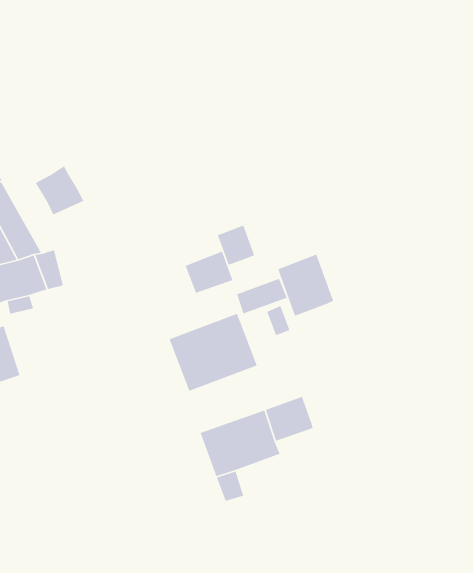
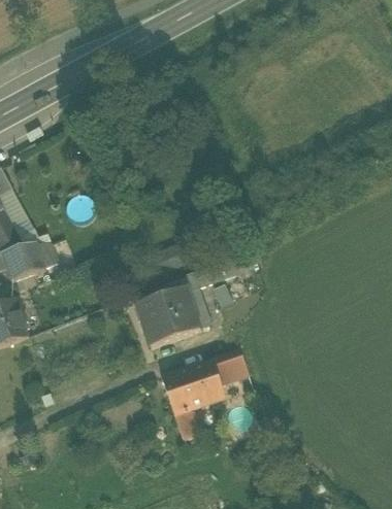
building: [34,165,84,215] -> none
building: [217,224,255,266] -> none
building: [277,253,334,317] -> none

